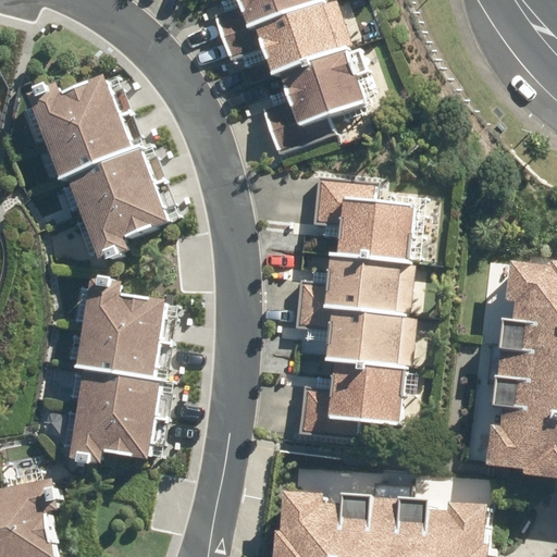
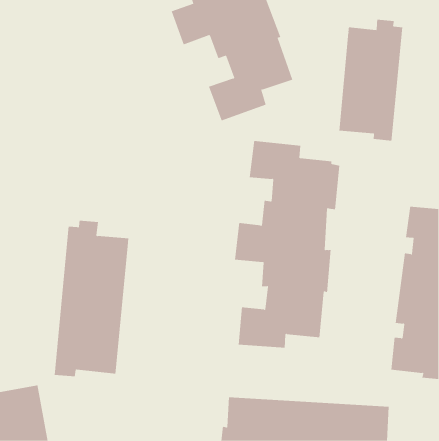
building: none -> [339,19,403,141]
building: [28,82,171,268] -> none

